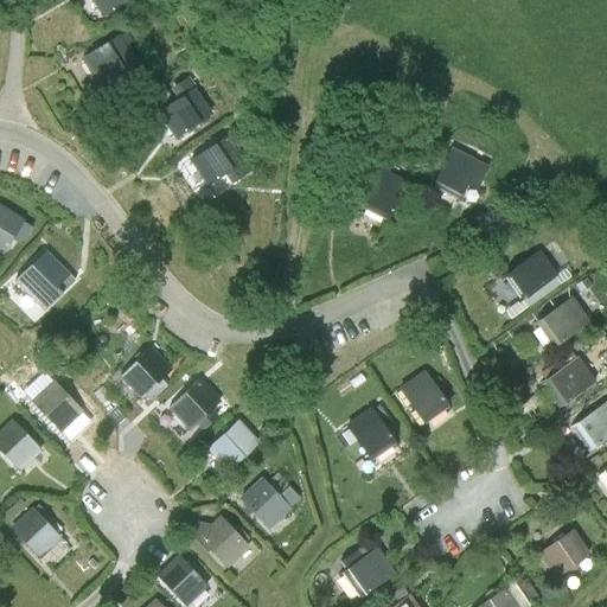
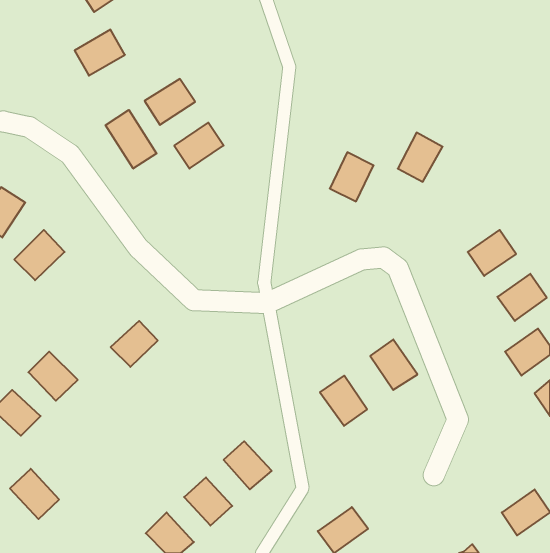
building: none -> [106,110,157,169]
building: [168,377,222,430] -> none
building: [207,420,260,469] -> none

